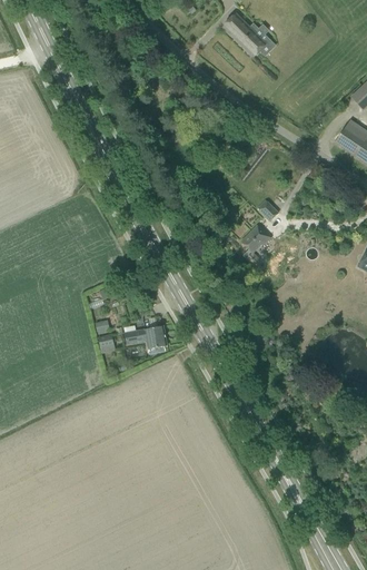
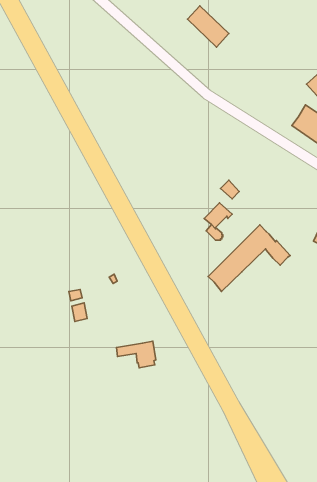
building: none -> [208,225,290,291]
building: [125,325,167,354] -> [117,341,156,368]

